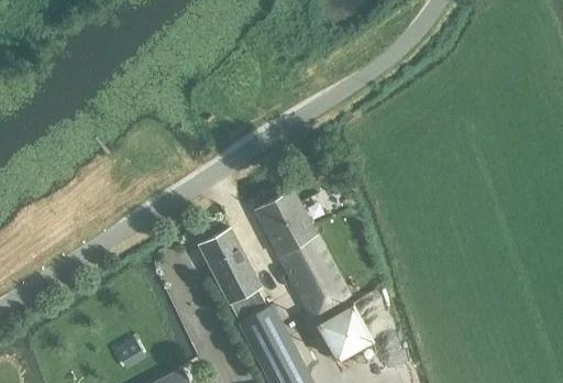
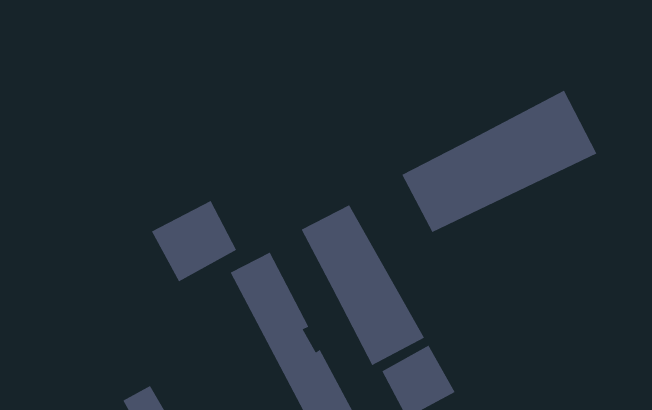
building: none -> [401,90,597,233]
building: none -> [151,200,237,282]

